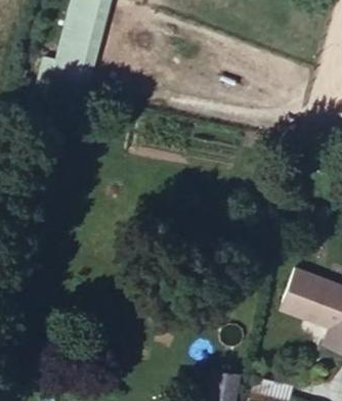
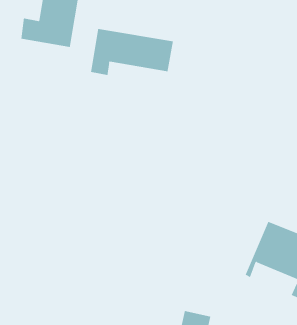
building: none -> [90,28,173,76]

